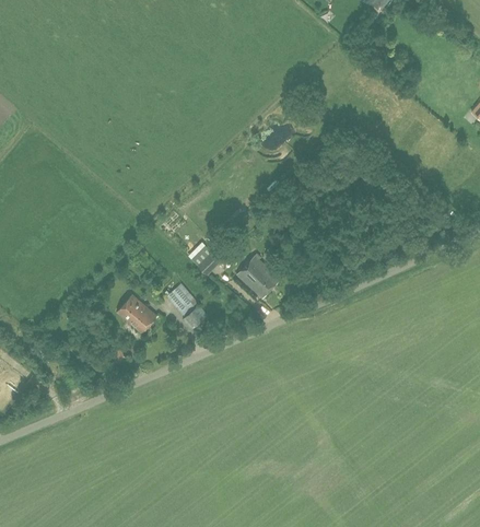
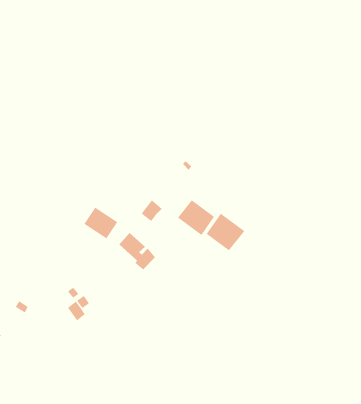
building: none -> [206,213,245,251]
building: [117,294,156,332] -> [83,207,118,239]

